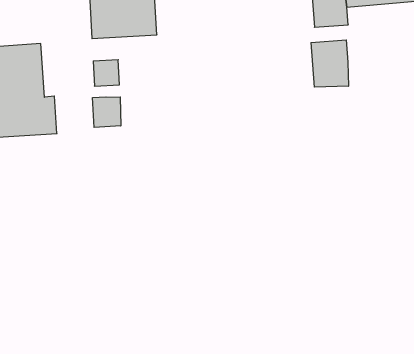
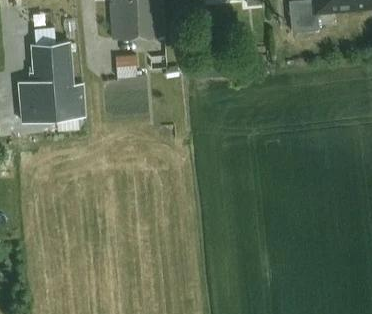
building: [311,40,348,87] -> none
building: [93,97,121,127] -> none

